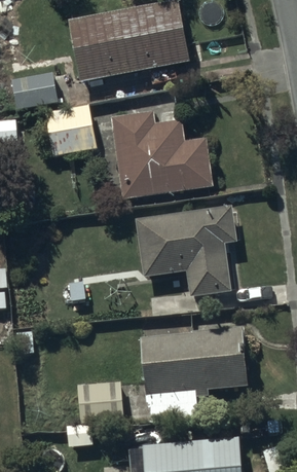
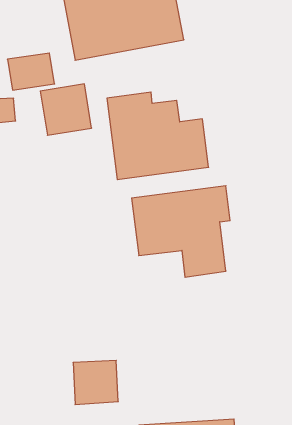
building: [140,327,246,421] -> none

